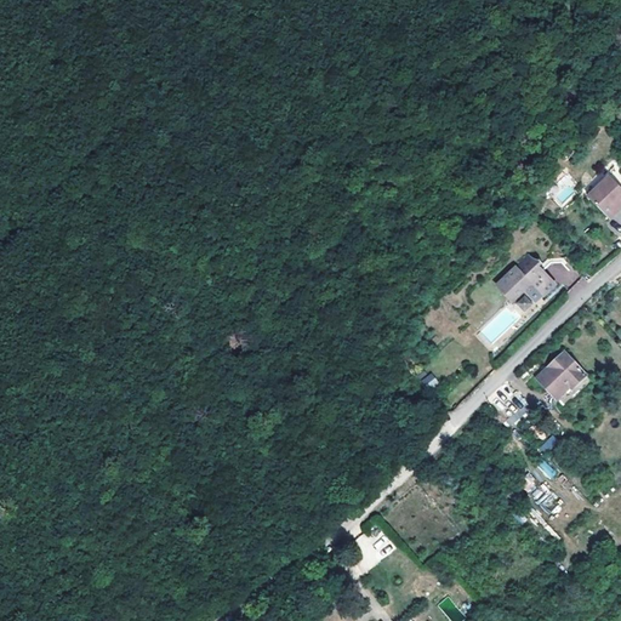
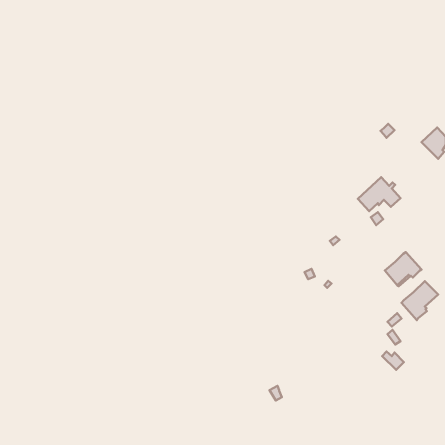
building: none -> [401,281,438,320]

